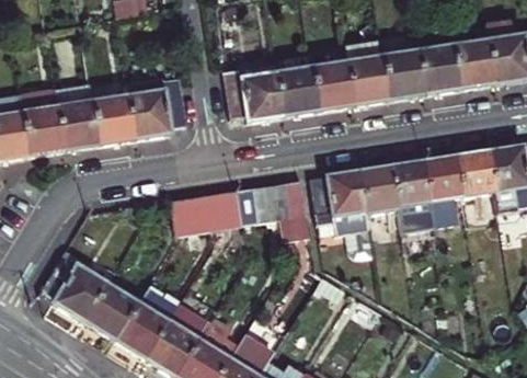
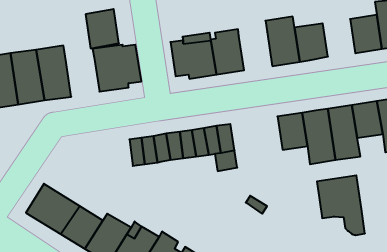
building: [419,45,460,93] -> none
building: [311,61,354,111] -> none
building: [90,94,133,145] -> [86,9,119,48]
building: [310,170,371,247] -> [317,175,365,235]

